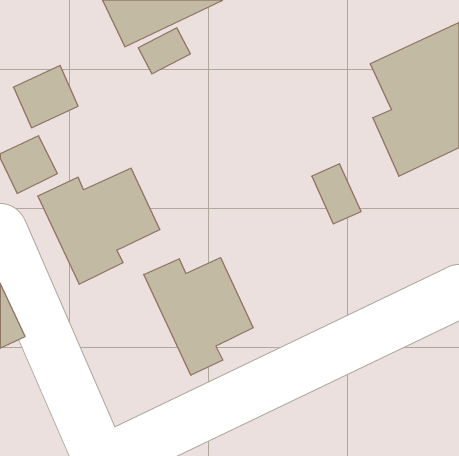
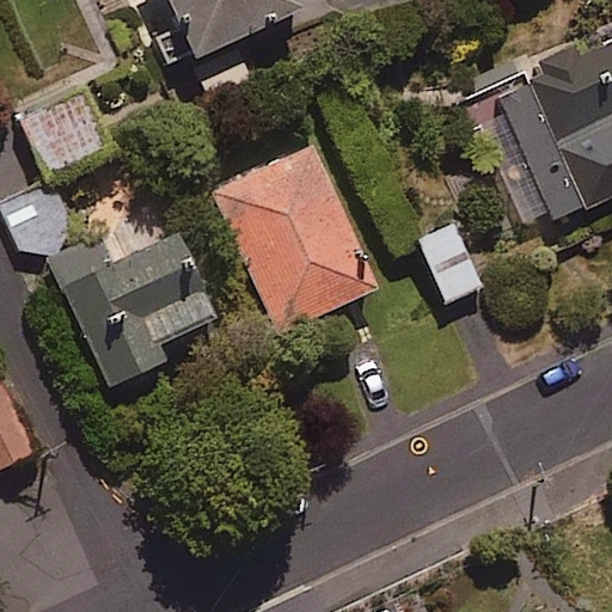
building: none -> [213,143,378,331]
building: [144,258,253,375] -> none

